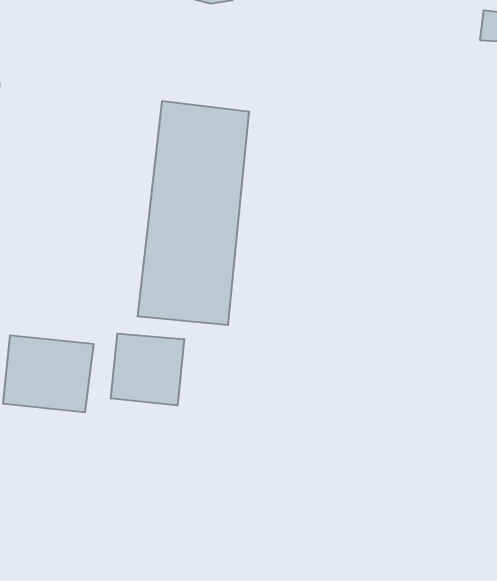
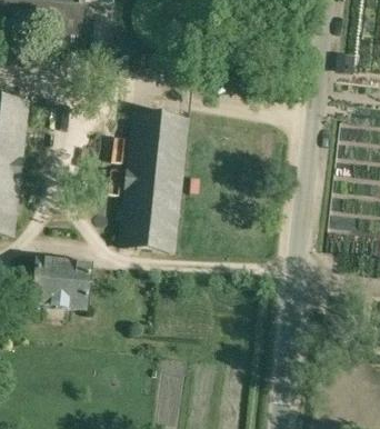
building: [111,333,184,406] -> none

